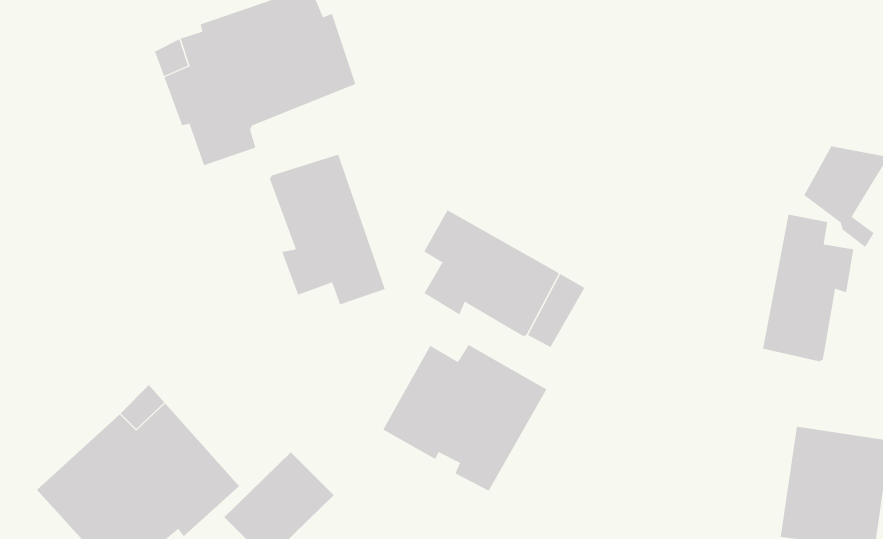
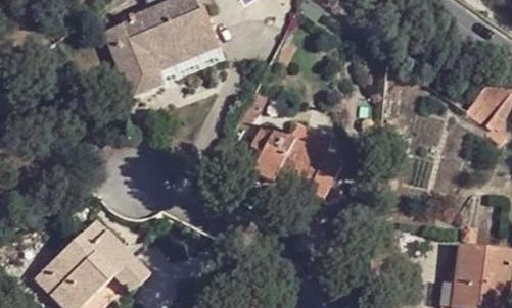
building: [269,154,385,305] -> none
building: [762,214,854,362] -> none
building: [383,344,547,492] -> none

